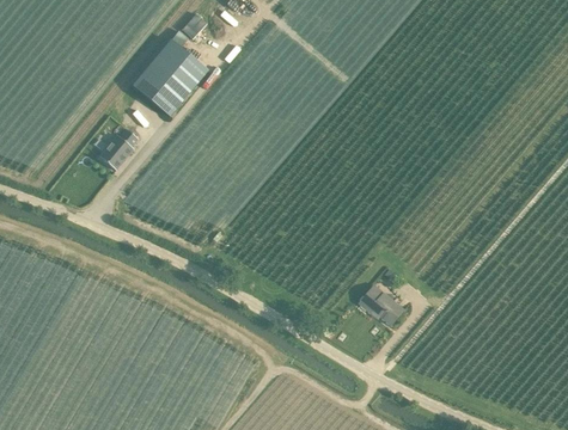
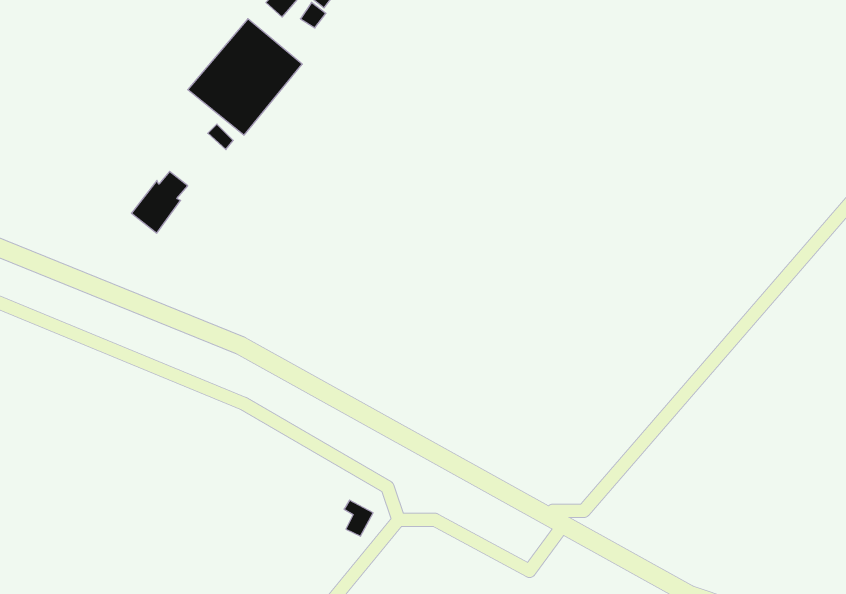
building: [361,283,405,322] -> none

